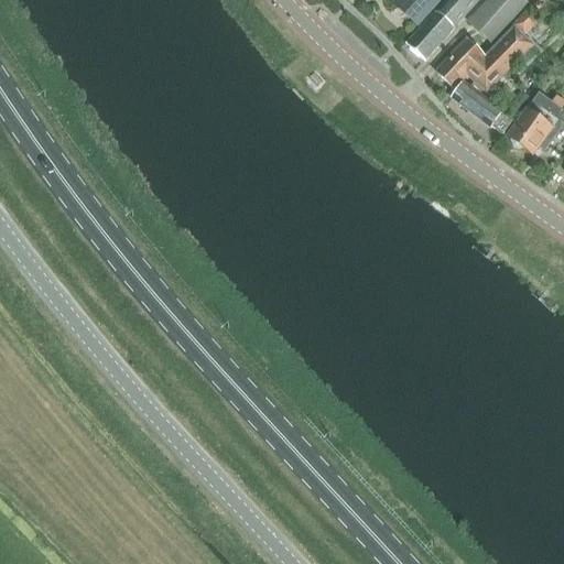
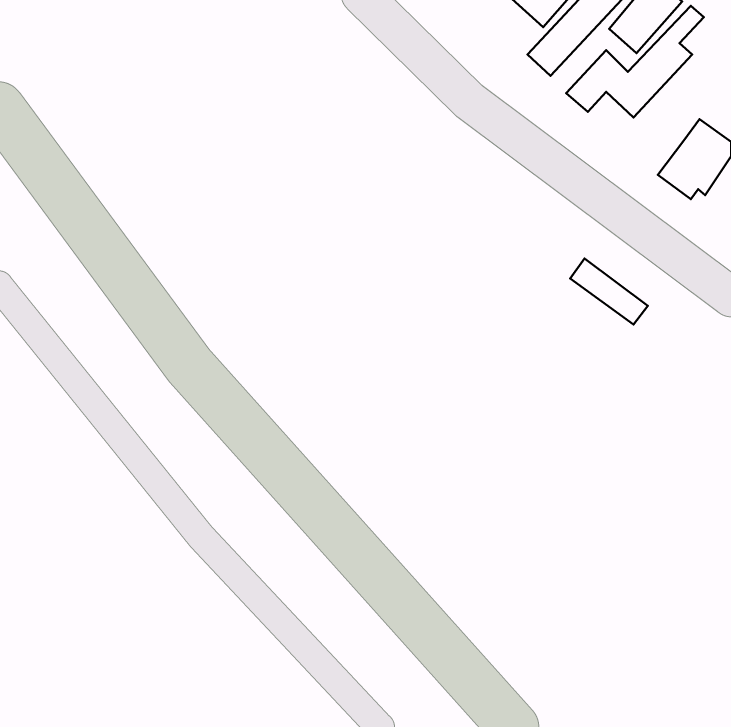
building: [452,79,511,130] -> [570,259,648,324]

